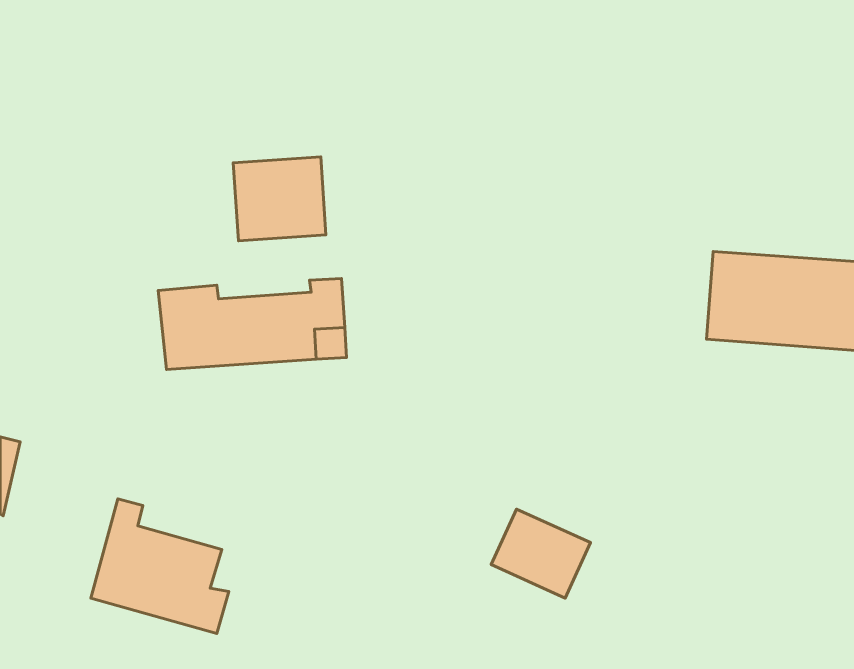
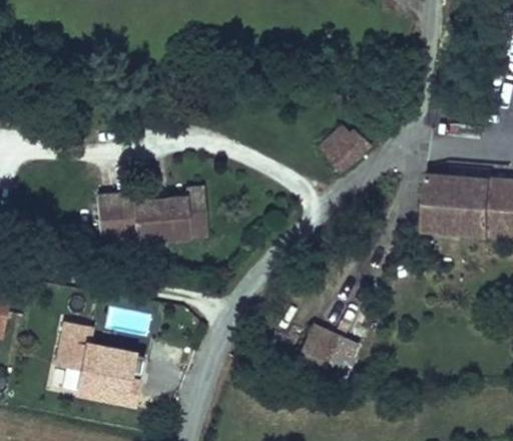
building: [233,157,326,241] -> none
building: none -> [320,124,370,169]

